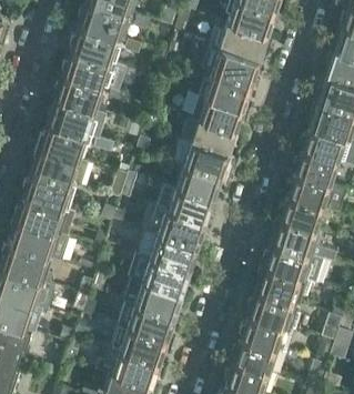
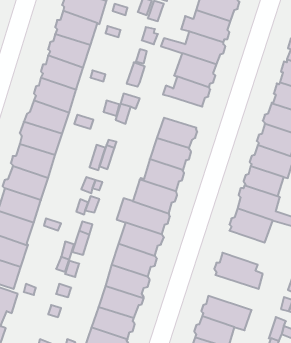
building: [182,117,235,153] -> none
building: [255,266,311,304] -> none
building: [240,315,295,354] -> none

